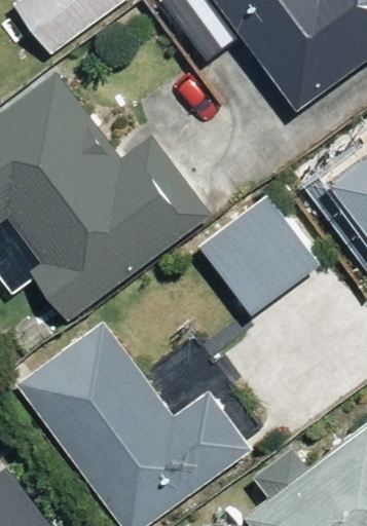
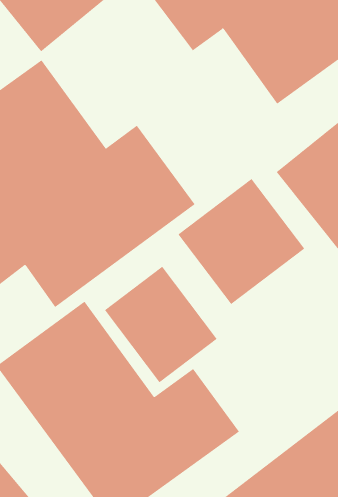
building: none -> [104,266,218,383]

